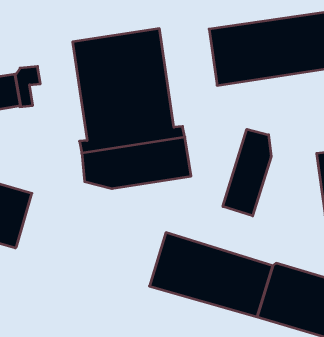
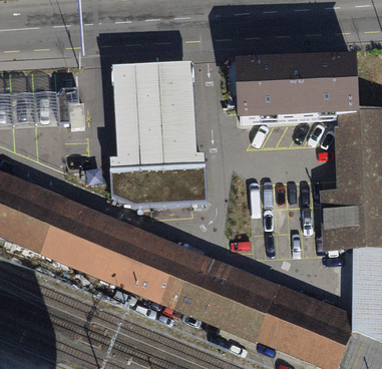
building: [223,129,271,216] -> none
building: none -> [42,201,179,296]

